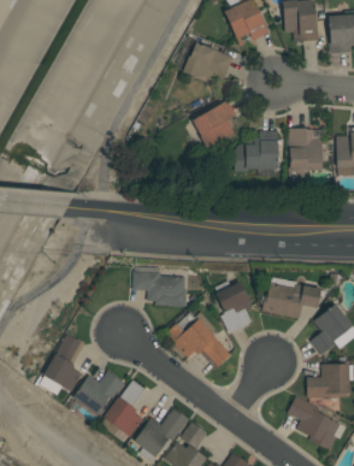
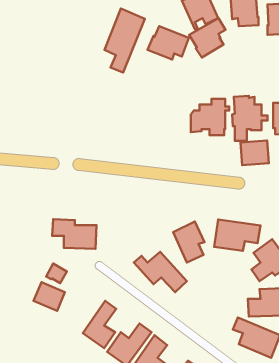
building: none -> [104,9,145,73]
building: [193,100,237,148] -> [189,18,225,57]
building: none -> [240,141,269,165]
building: [132,270,187,306] -> [52,219,96,249]
building: [72,371,122,417] -> none

